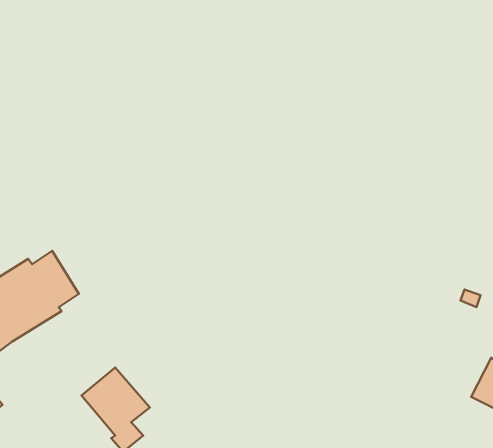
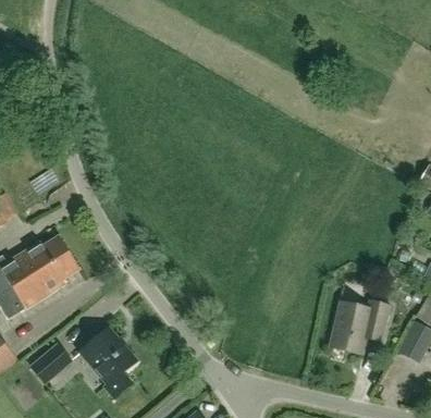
building: none -> [331,302,392,355]
building: none -> [30,343,71,382]

